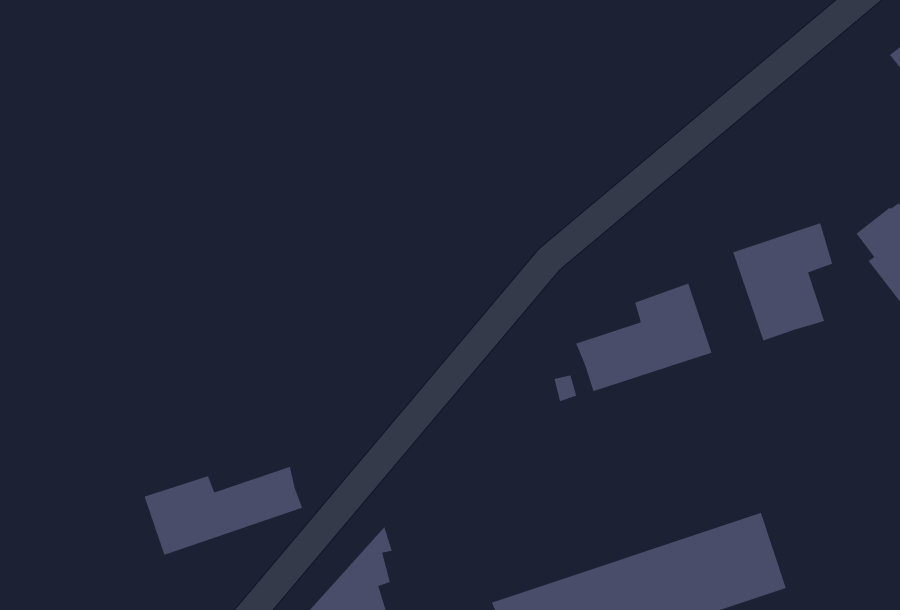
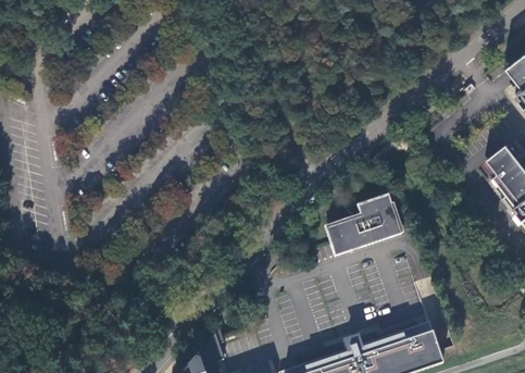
building: [732,222,833,341] -> none
building: [144,466,303,556] -> none

